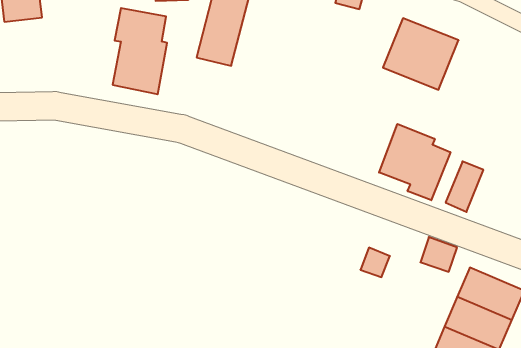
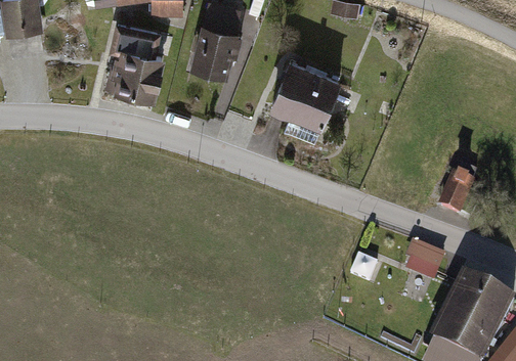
building: [383,18,459,90] -> [265,55,339,125]
building: [379,124,450,200] -> none

